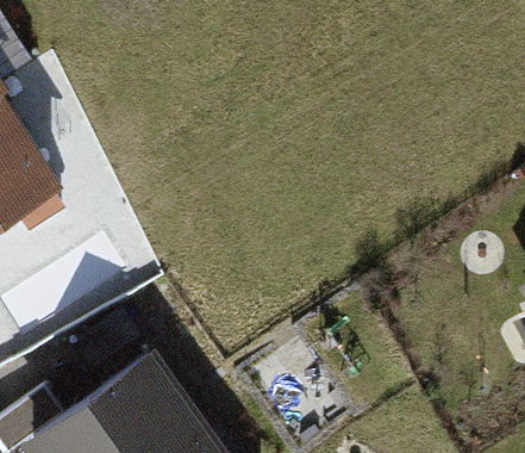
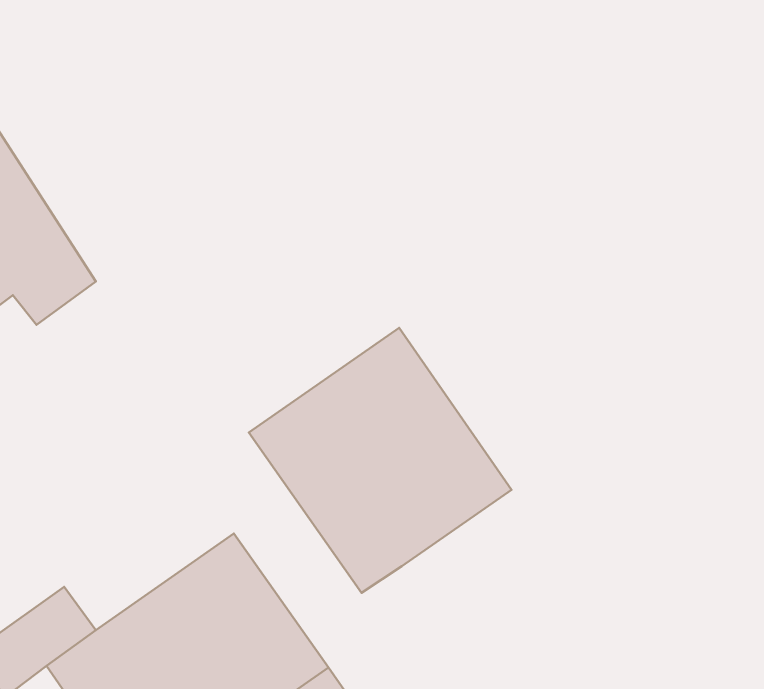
building: none -> [249,328,512,593]

